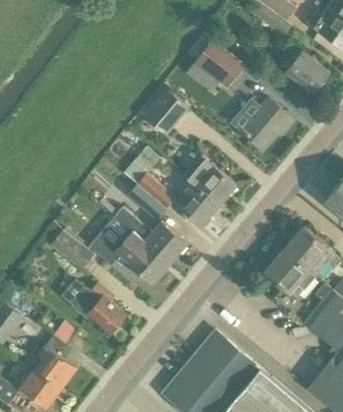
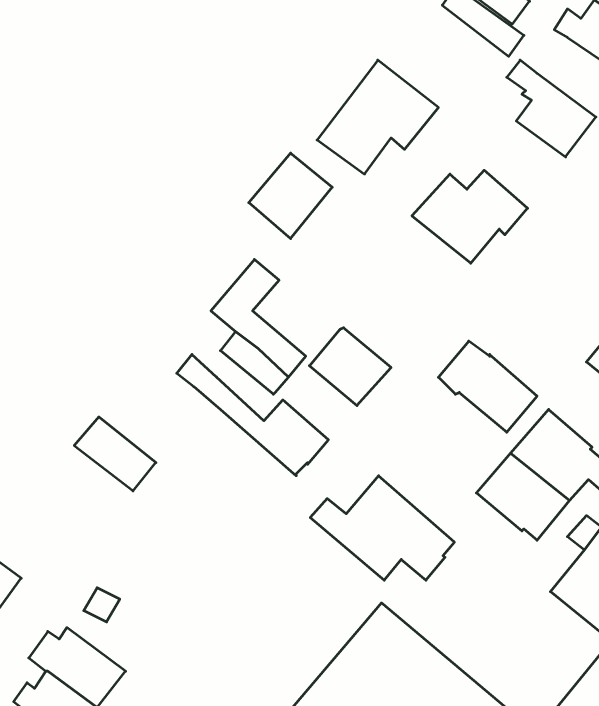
building: [183,156,236,204] -> [438,341,537,432]
building: [92,227,169,283] -> [310,476,454,580]
building: [71,284,125,332] -> none

